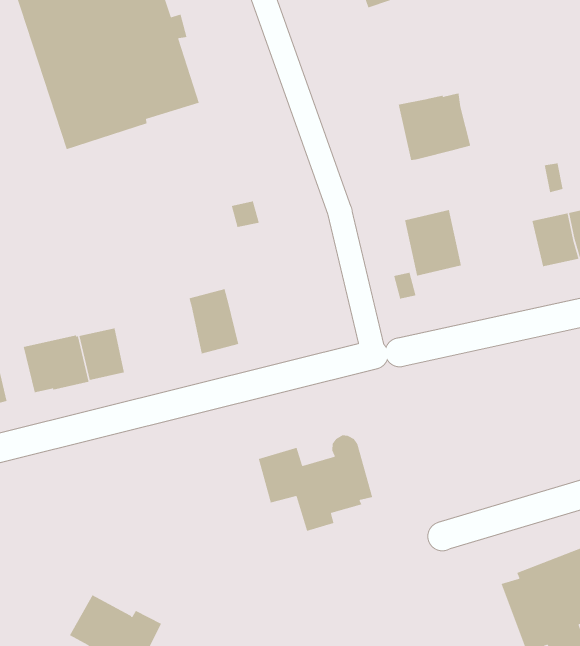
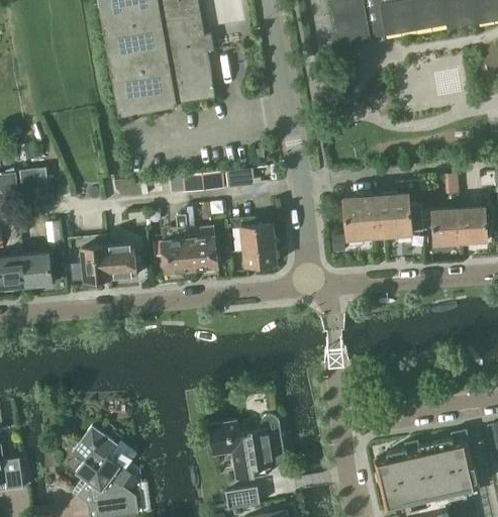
building: [398,92,471,161] -> [377,193,423,235]
building: none -> [182,172,224,192]
building: none -> [227,223,278,266]
building: none -> [153,238,191,273]
building: [258,435,373,532] -> [208,414,284,478]

